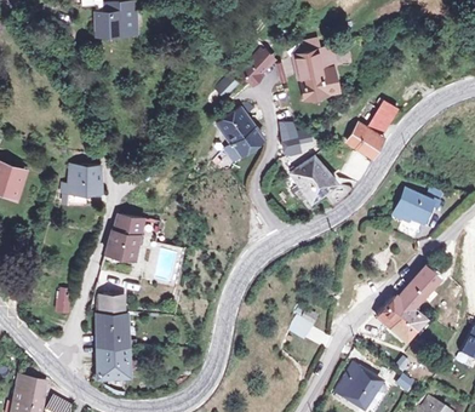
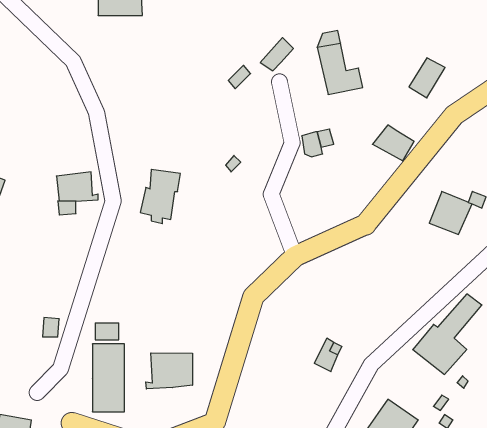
building: [364,104,395,139] -> [409,58,445,98]
building: [216,108,263,159] -> none
building: [286,154,334,202] -> none
building: [105,214,141,262] -> [140,169,180,224]
building: none -> [146,353,192,389]

